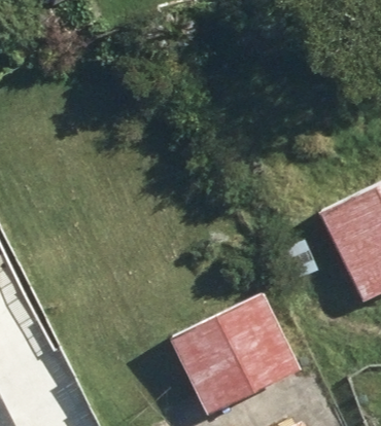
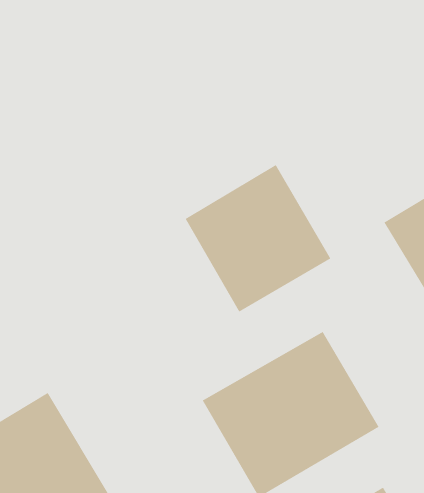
building: none -> [185,164,331,312]

